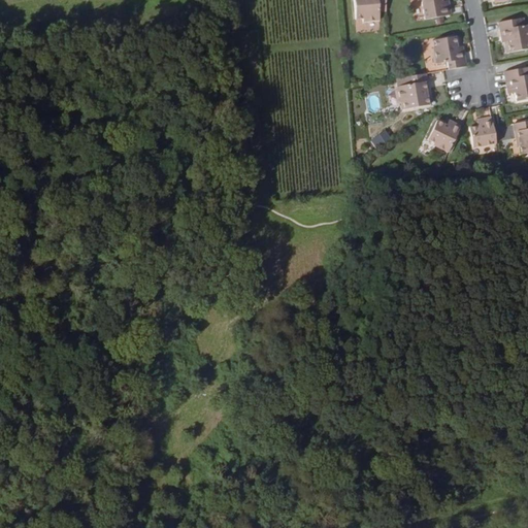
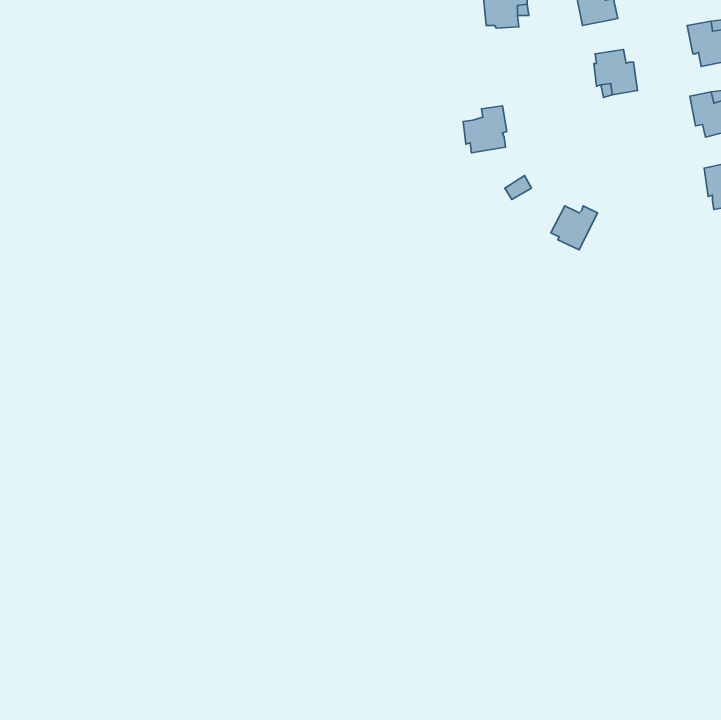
building: [398,73,430,107] -> [463,106,507,153]
building: [470,116,497,146] -> none
building: [427,120,461,152] -> [551,206,597,250]

